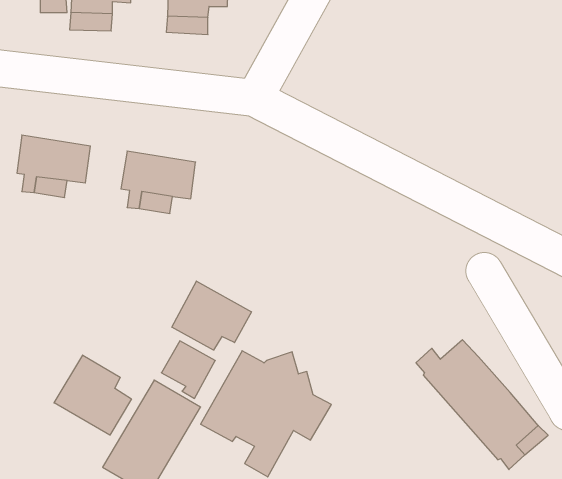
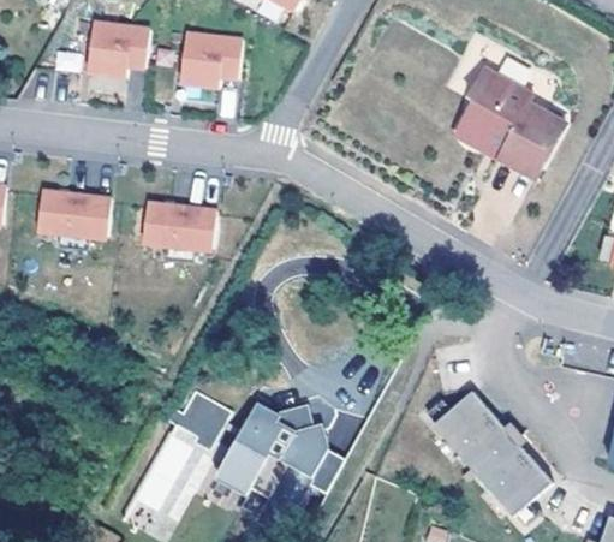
building: none -> [455,66,562,175]
building: [172,281,251,350] -> none
building: [54,355,131,435] -> none

